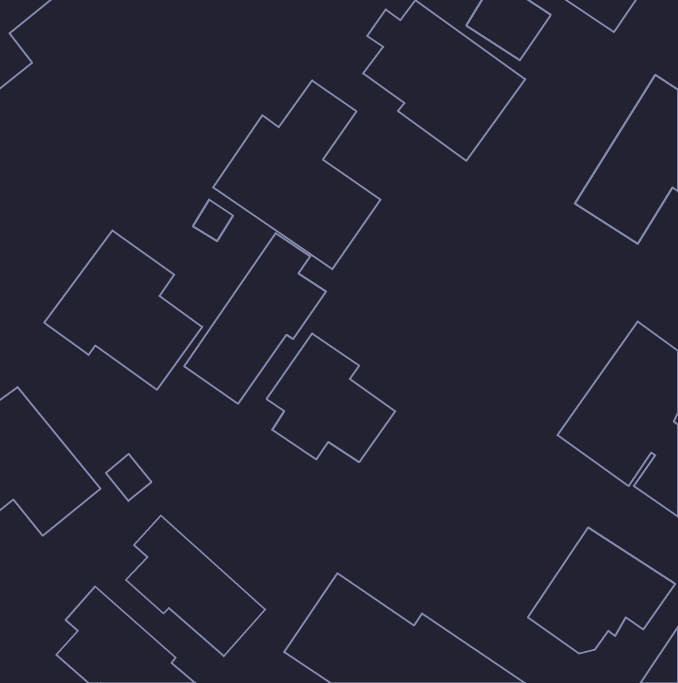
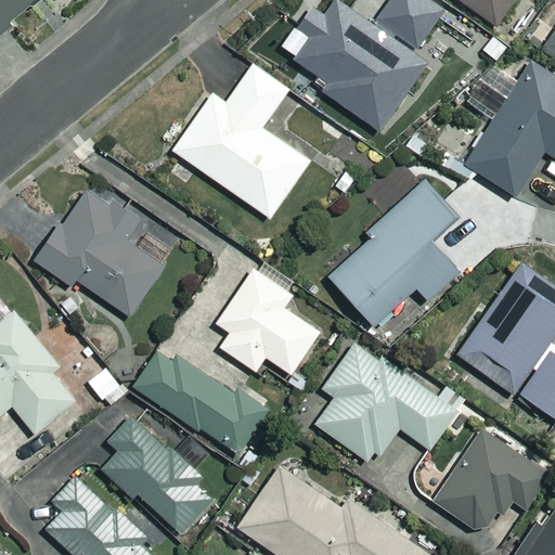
building: none -> [330,181,460,339]
building: [184,233,326,404] -> none
building: none -> [315,343,456,463]
building: none -> [133,344,267,455]

